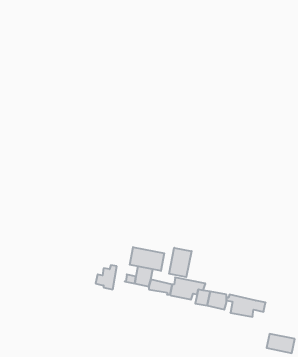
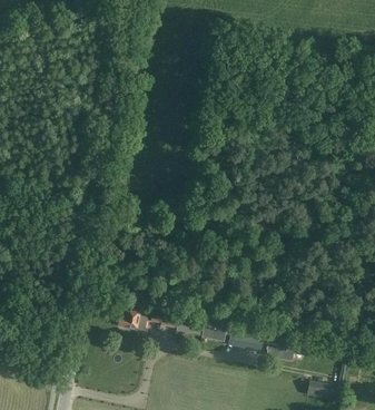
building: [130,247,164,271] -> none
building: [169,248,192,277] -> none

